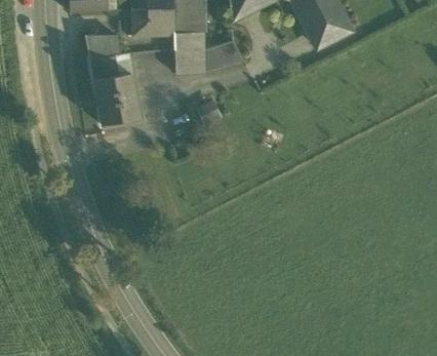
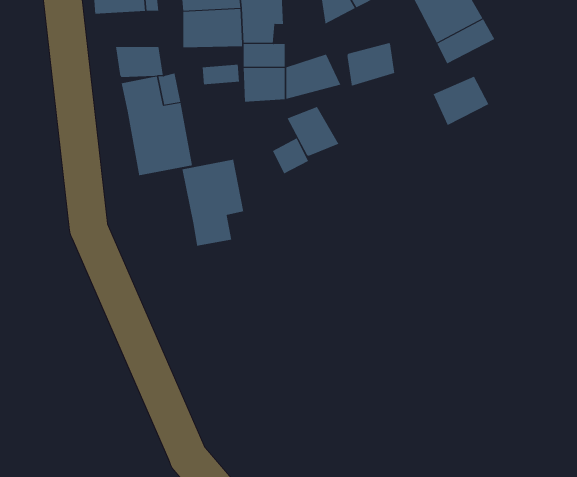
building: none -> [347,42,395,87]
building: none -> [433,76,489,126]
building: none -> [287,106,339,156]
building: none -> [182,159,244,247]

